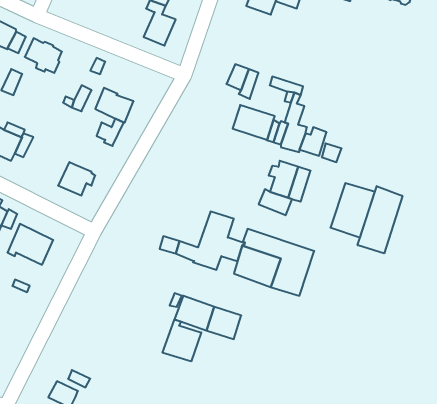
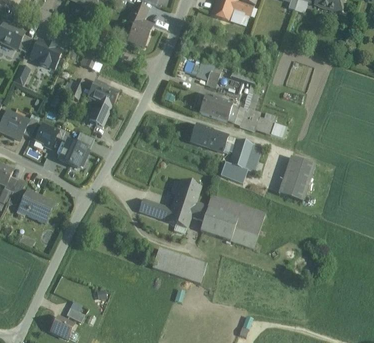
building: none -> [34,124,64,149]
building: none -> [189,125,226,151]
building: [358,186,402,253] -> none
building: [163,320,201,361] -> none

